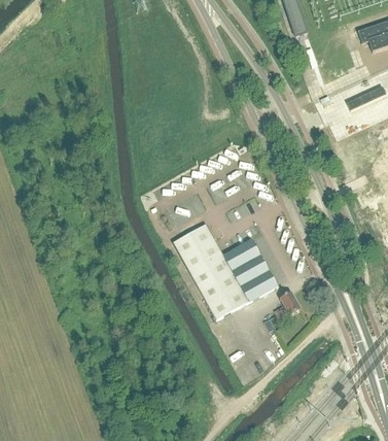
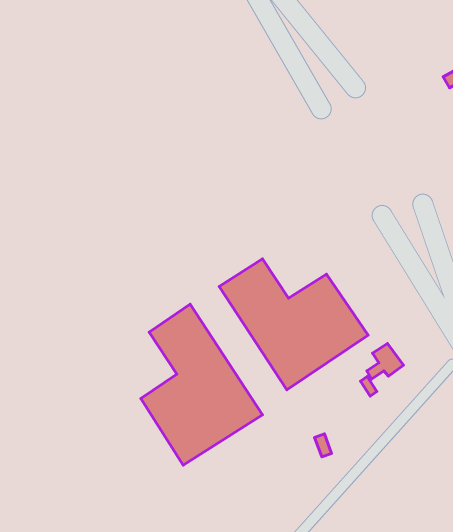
building: none -> [141,304,262,465]

